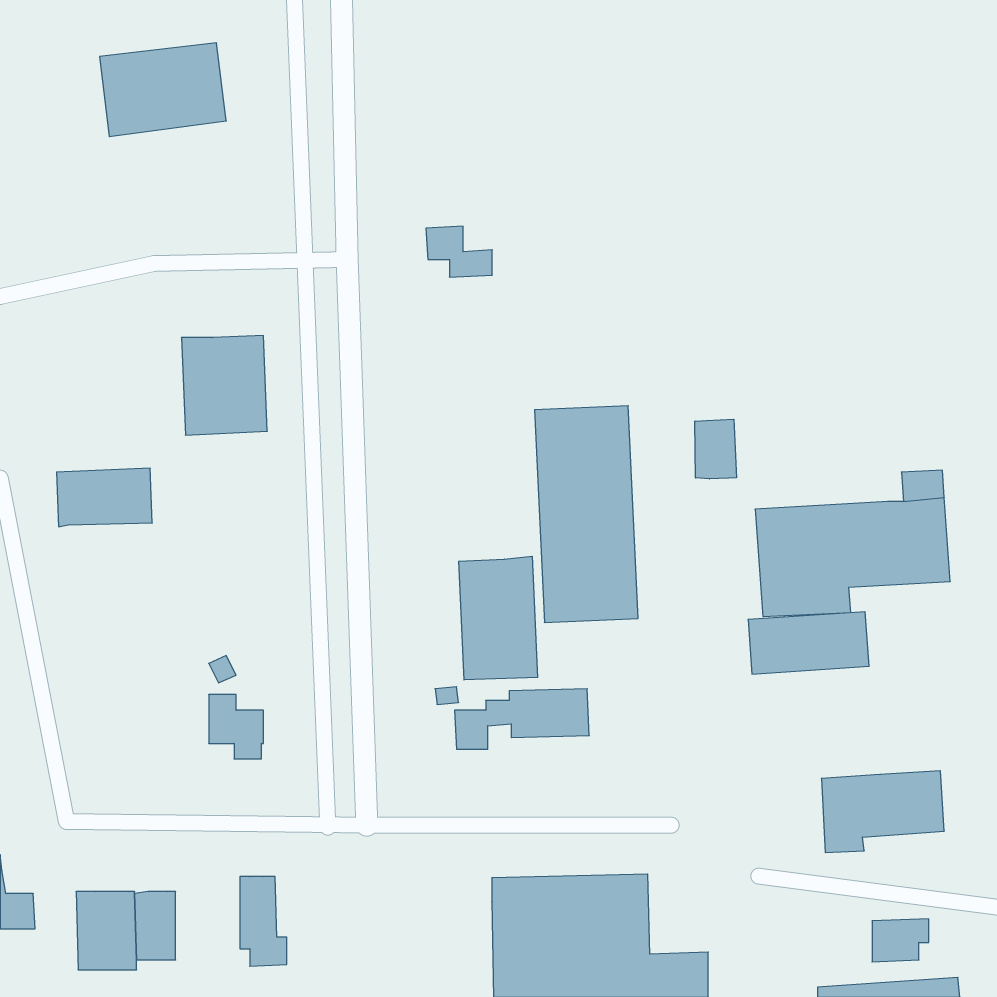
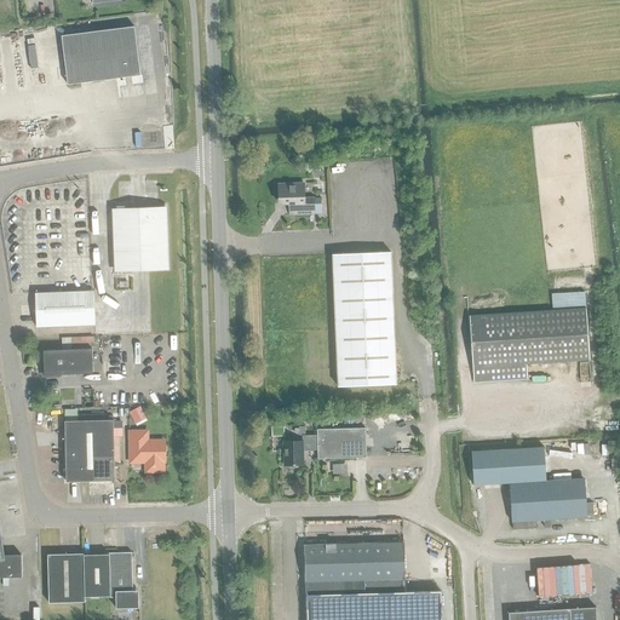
building: [426,226,492,277] -> [280,183,321,214]
building: [695,419,736,479] -> none
building: [459,556,538,680] -> none
building: none -> [42,348,92,374]
building: [748,612,869,674] -> [471,447,546,486]
building: none -> [64,419,114,481]
building: [240,877,287,966] -> [109,552,138,608]

